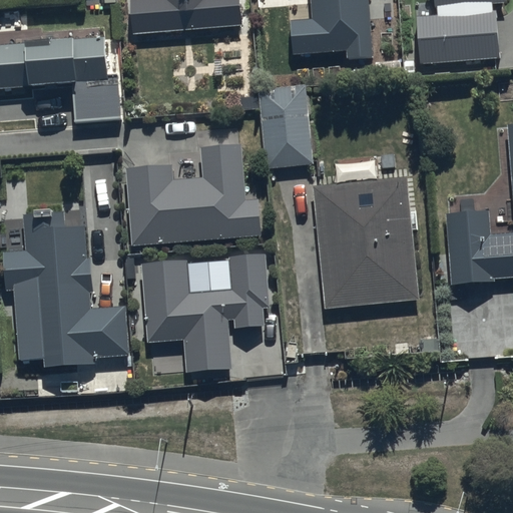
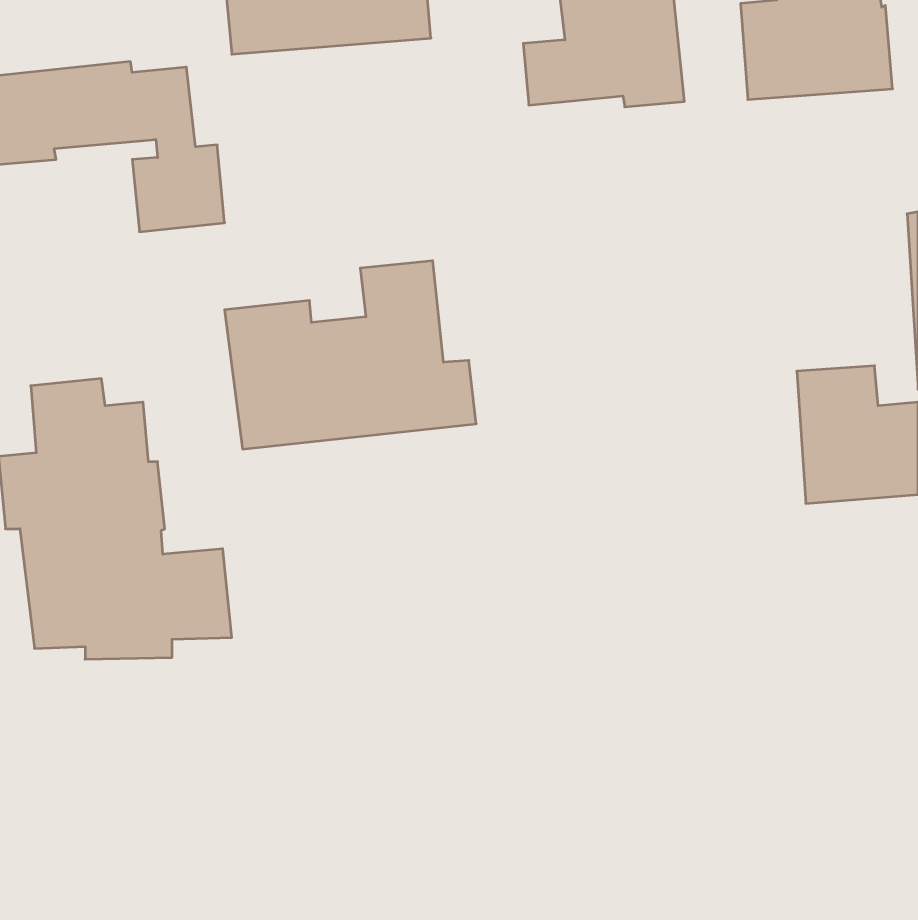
building: [252,85,314,172] -> none
building: [315,163,426,312] -> none
building: [142,254,272,374] -> none

